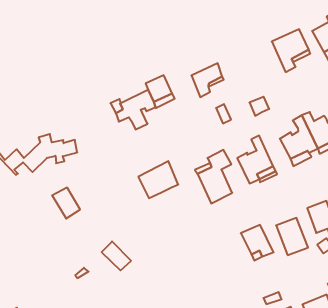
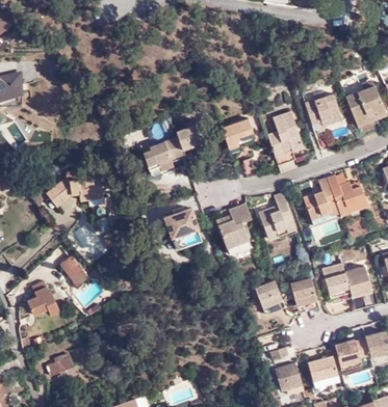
building: none -> [268,111,304,153]
building: [102,241,131,270] -> [60,255,88,284]
building: none -> [27,282,59,317]

